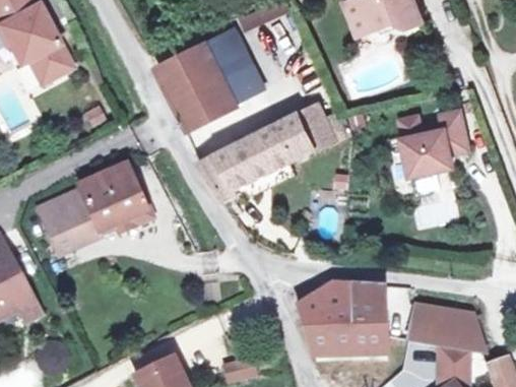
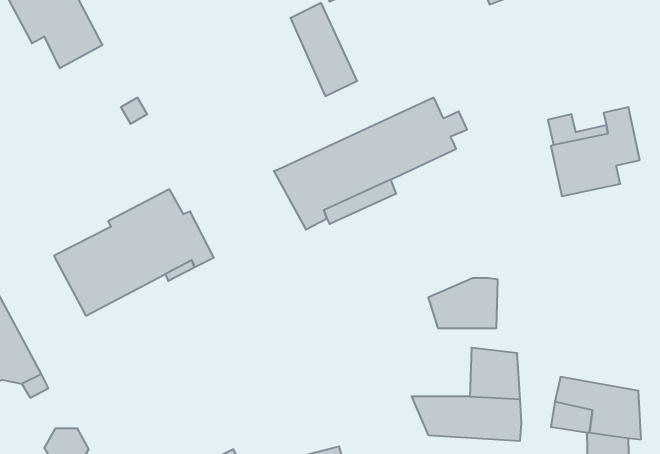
building: [162,35,240,123] -> none
building: [296,282,346,319] -> [428,278,498,328]

